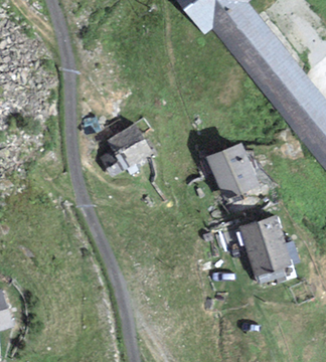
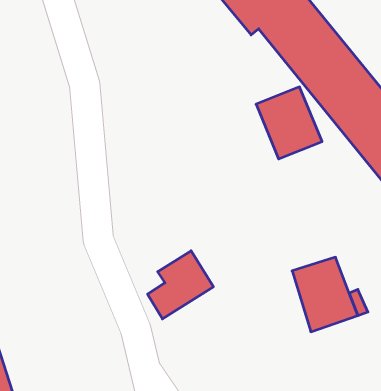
building: [100,123,153,178] -> [148,251,213,319]
building: [206,142,260,200] -> [256,87,322,159]

